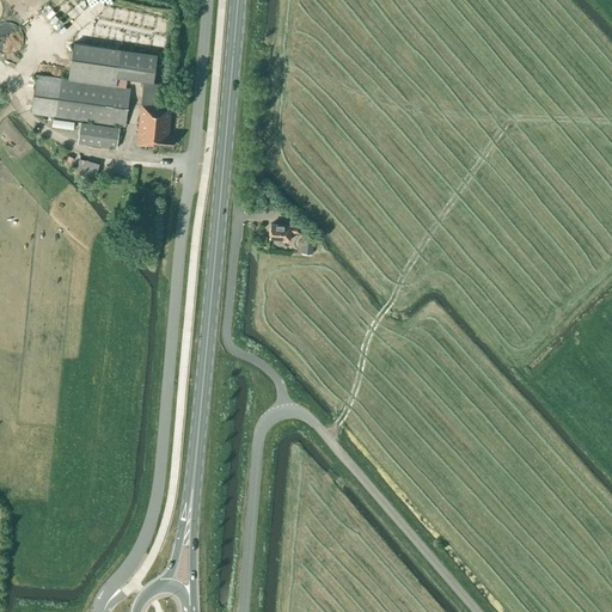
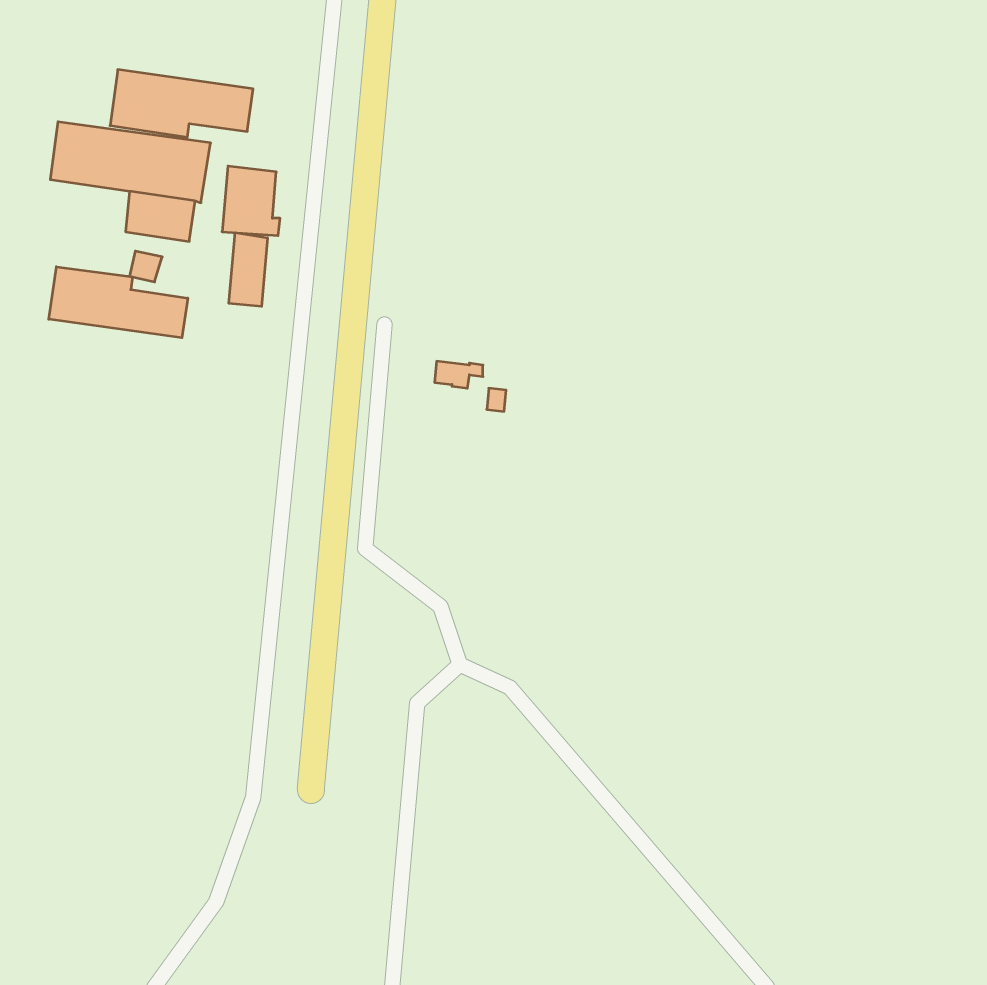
building: none -> [229,233,267,306]
building: none -> [49,267,188,338]

